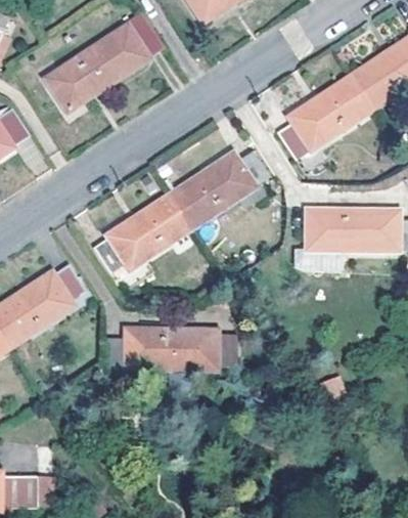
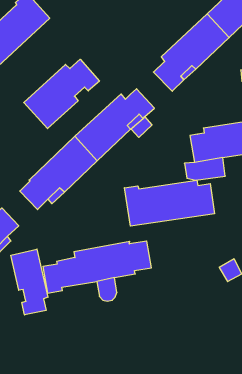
building: none -> [24,59,99,129]
building: none -> [124,180,214,226]
building: none -> [11,249,48,315]

